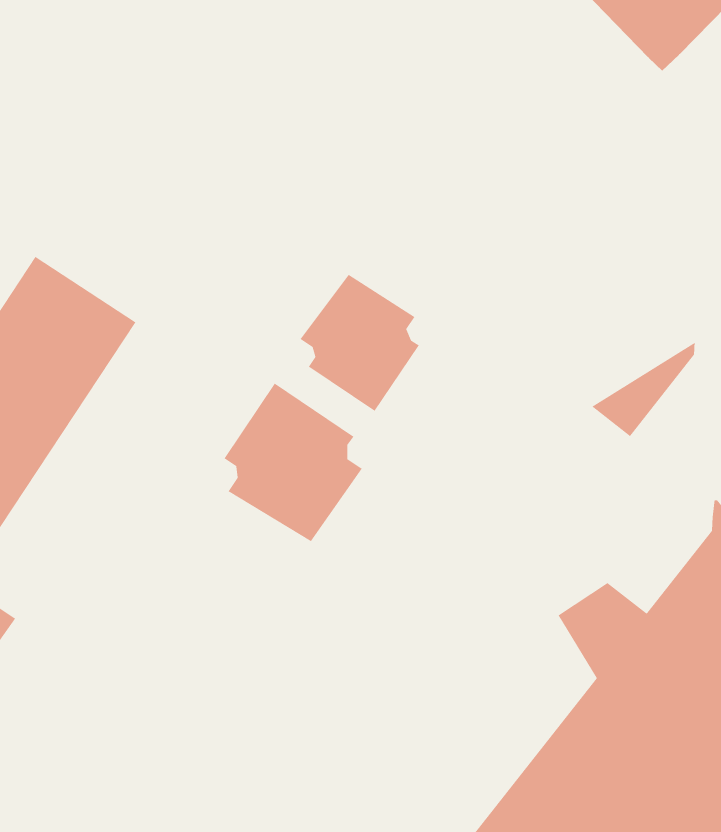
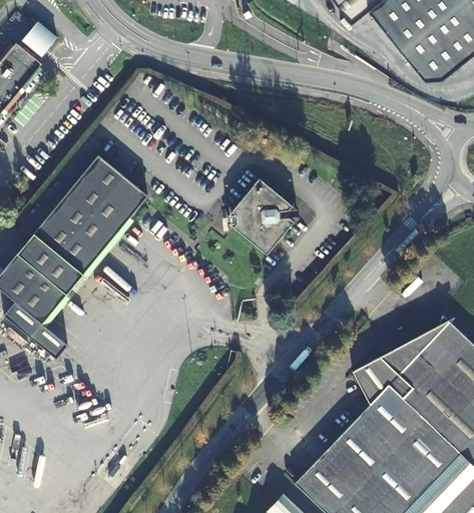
building: [591,342,695,437] -> [381,327,439,374]
building: [223,383,363,542] -> none

